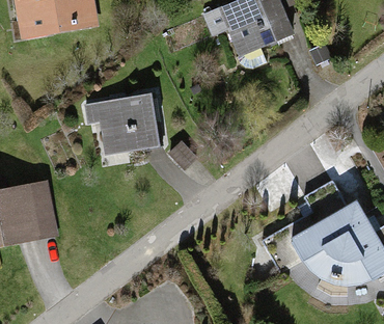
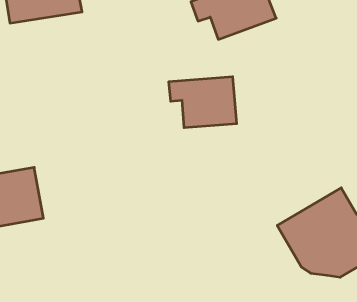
building: [88,96,158,147] -> [169,77,237,128]

